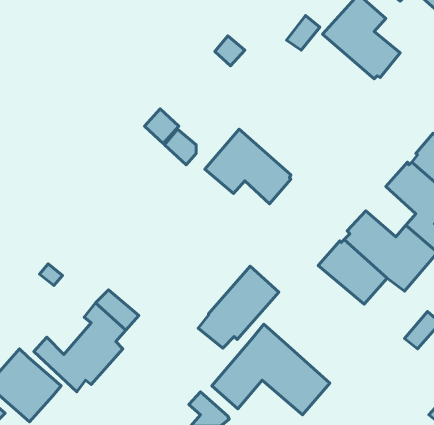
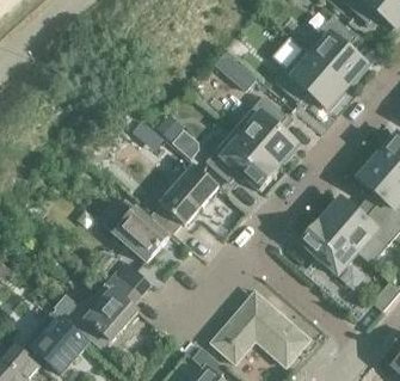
building: none -> [273,50,345,111]
building: none -> [233,97,297,167]
building: none -> [113,210,167,263]
building: [198,266,279,348] -> [150,165,217,233]

